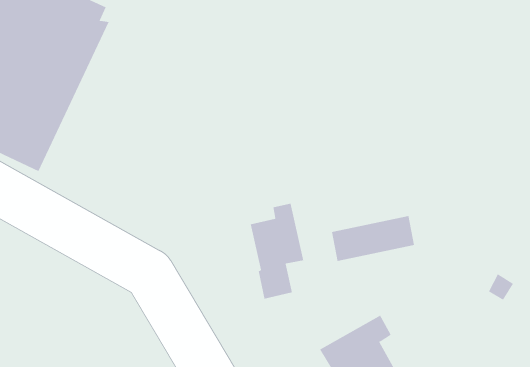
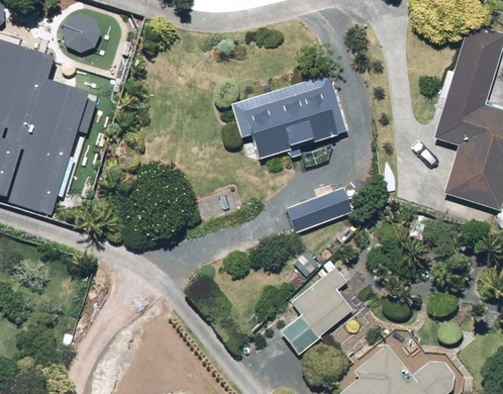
building: none -> [230,75,347,160]
building: [250,203,304,299] -> none

